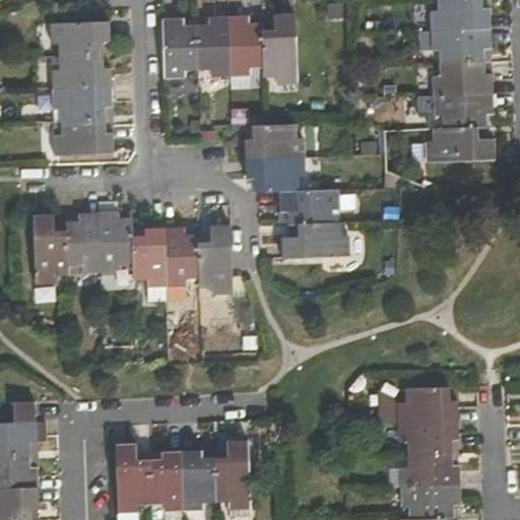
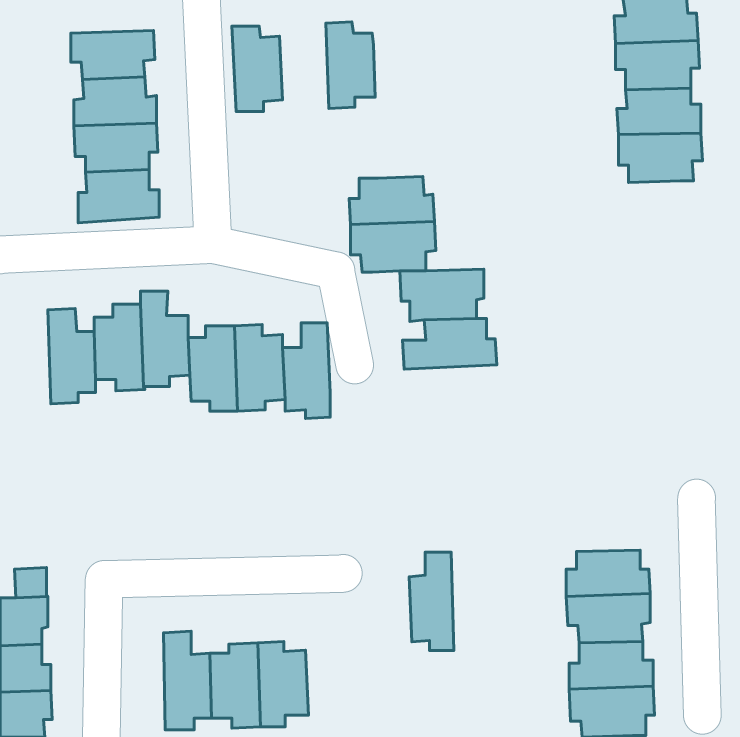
building: [262,13,296,81] -> none
building: [196,16,231,76] -> none
building: [427,127,495,161] -> none
building: [214,439,246,508] -> [409,552,454,651]

